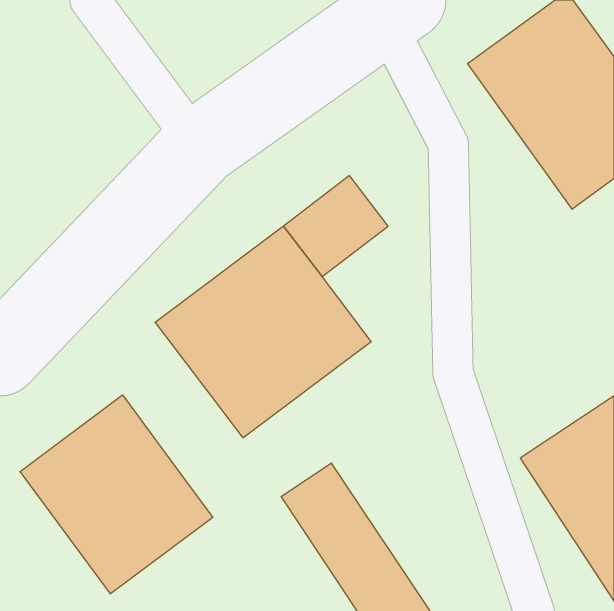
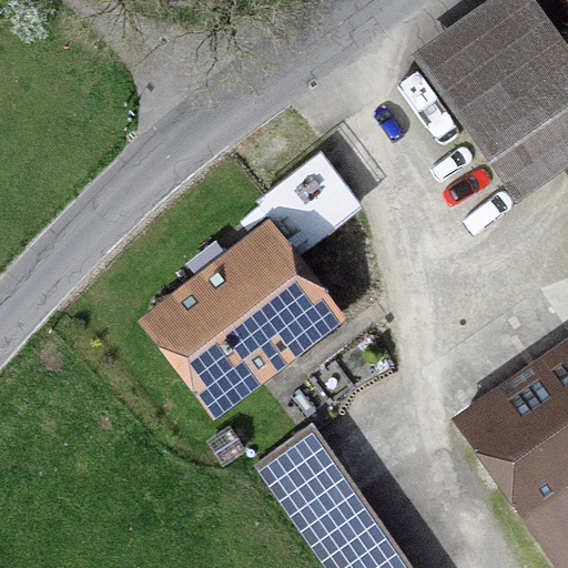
building: [20,395,213,594] -> none

